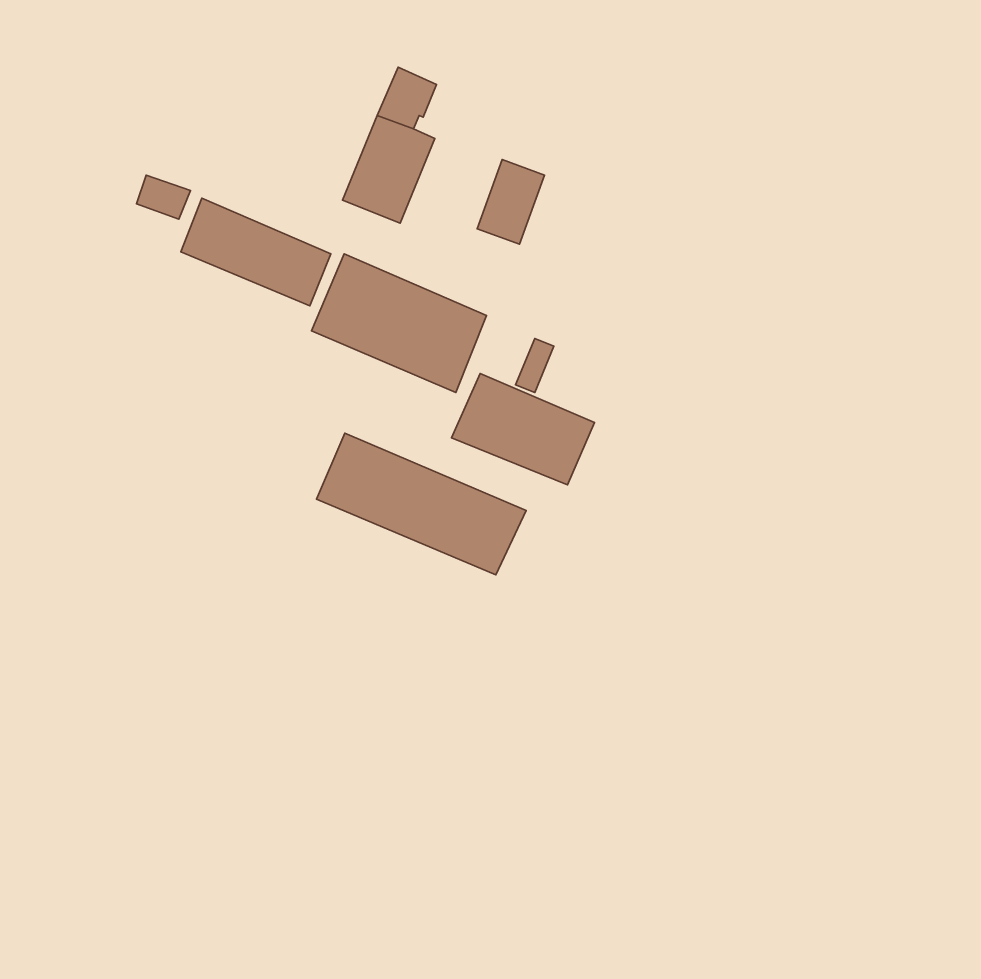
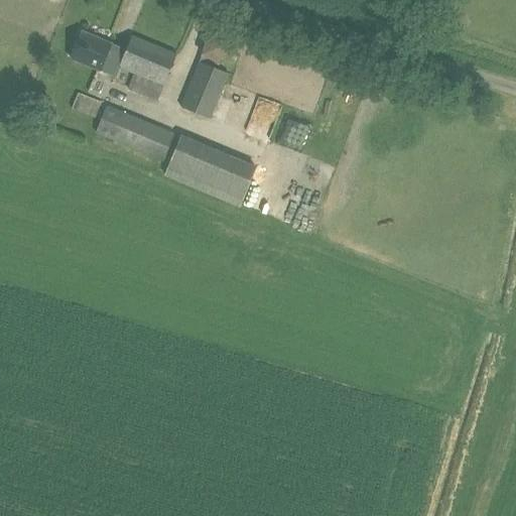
building: none -> [71,31,176,98]
building: [451,374,595,485] -> none
building: [317,433,526,575] -> none

